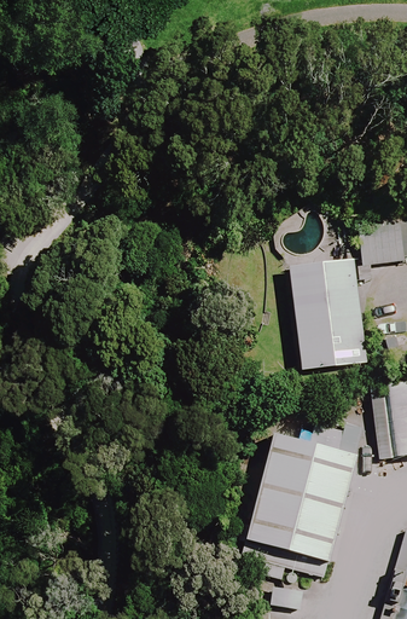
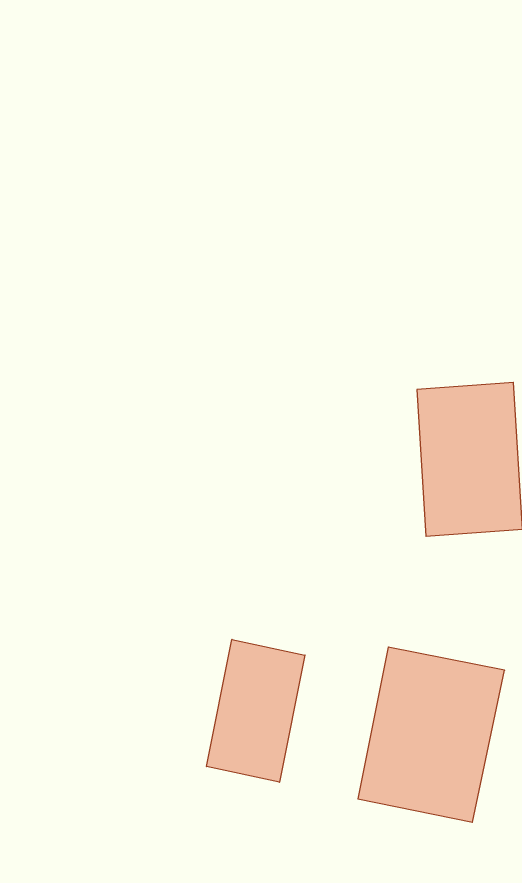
building: none -> [207,639,305,782]

